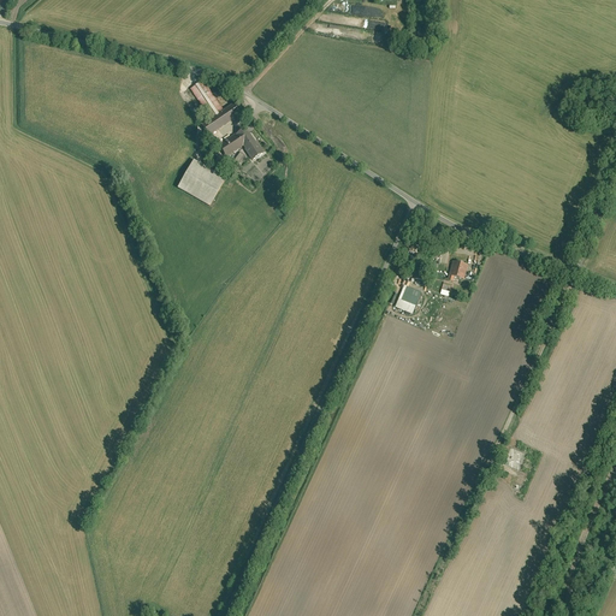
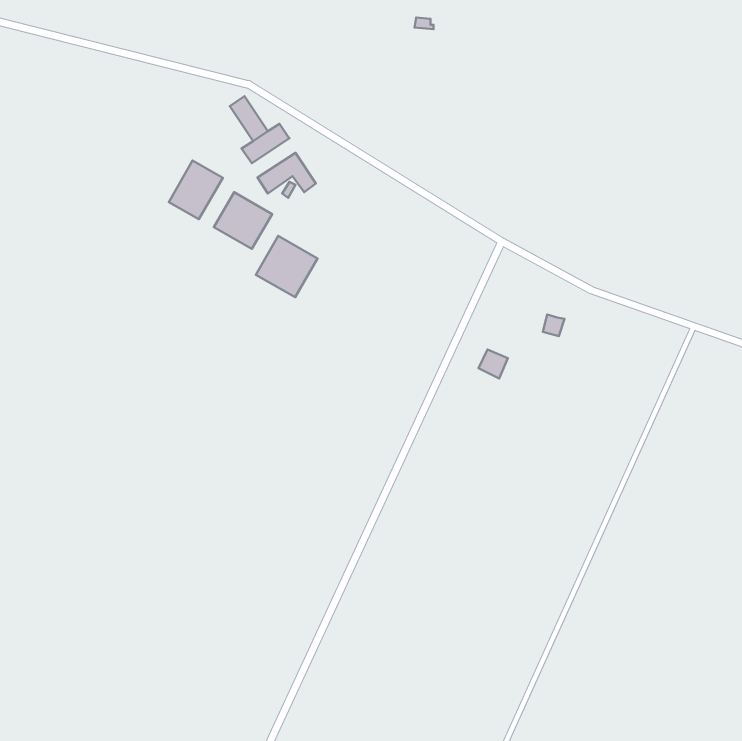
building: none -> [169,161,223,219]
building: none -> [256,236,318,297]

